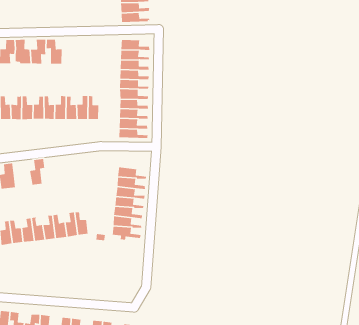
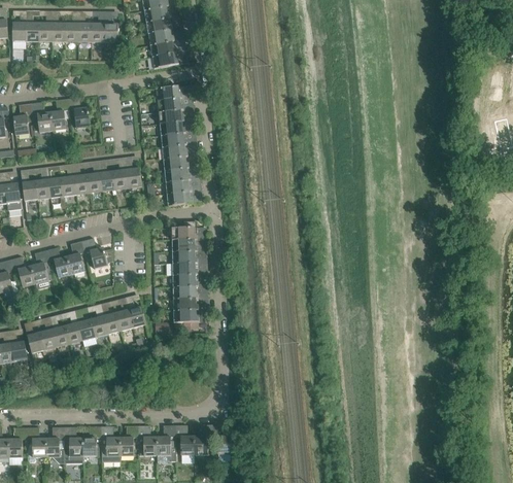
building: none -> [172,220,207,239]
building: none -> [82,237,108,268]
building: none -> [46,247,72,277]

